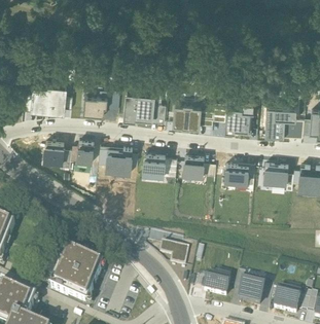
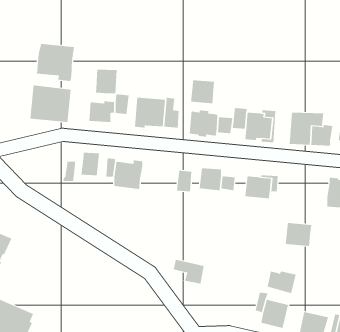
building: none -> [36,43,74,82]
building: none -> [96,69,117,94]
building: none -> [191,79,214,104]
building: [44,141,64,164] -> none
building: [142,153,165,176] -> none
building: [263,161,288,183] -> [285,223,312,247]
building: [50,242,103,295] -> none
building: [204,272,230,292] -> [267,271,296,294]

